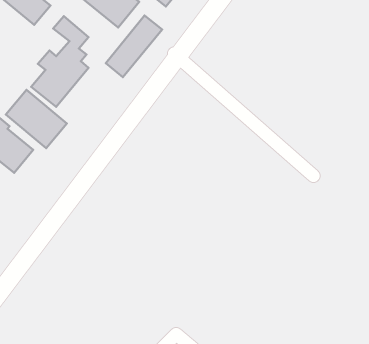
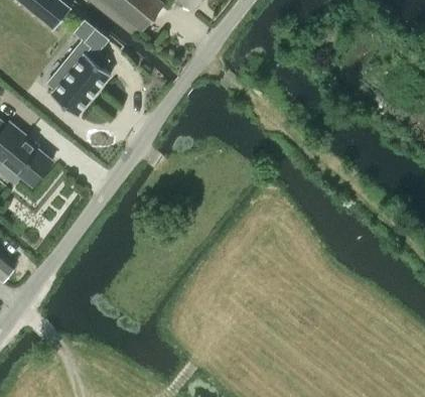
building: [106,16,162,77] -> none
building: [6,90,67,148] -> none

